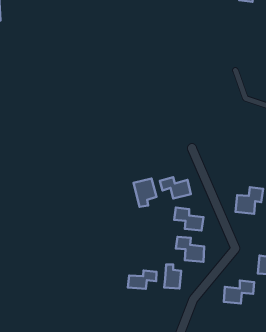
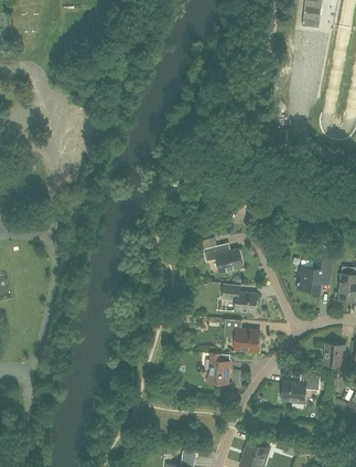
building: [133,178,157,207] -> none
building: [128,270,156,289] -> none

